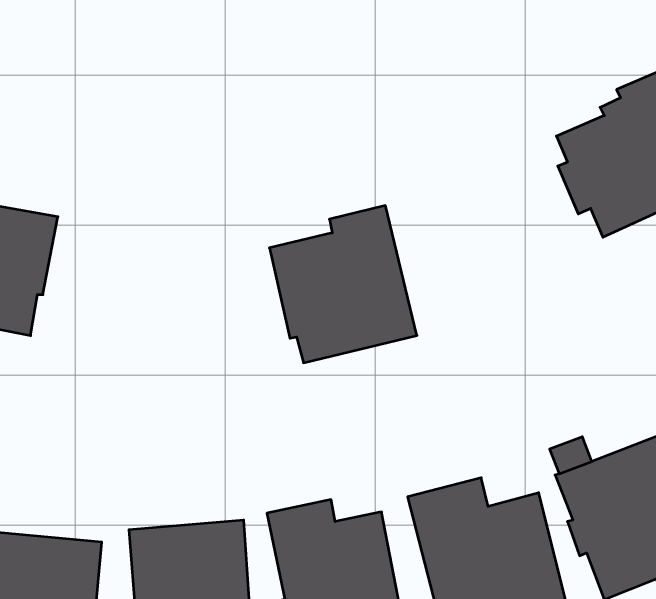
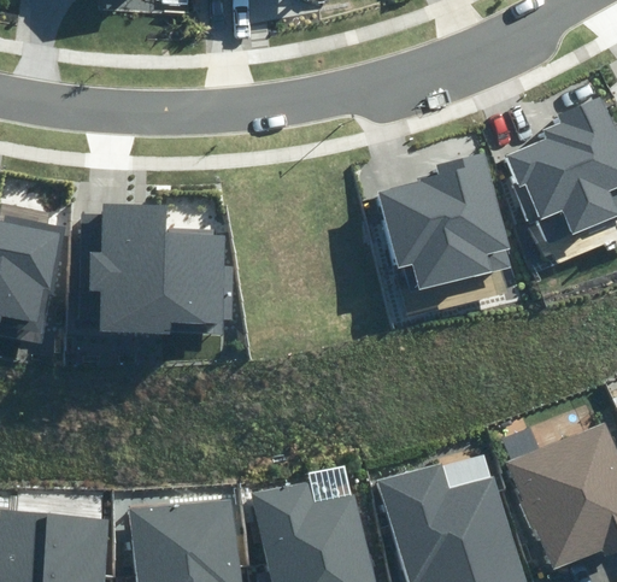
building: none -> [80,204,236,336]
building: [269,206,417,363] -> [383,154,513,293]

